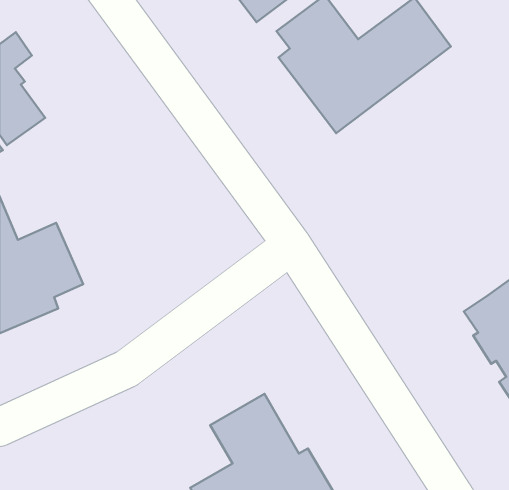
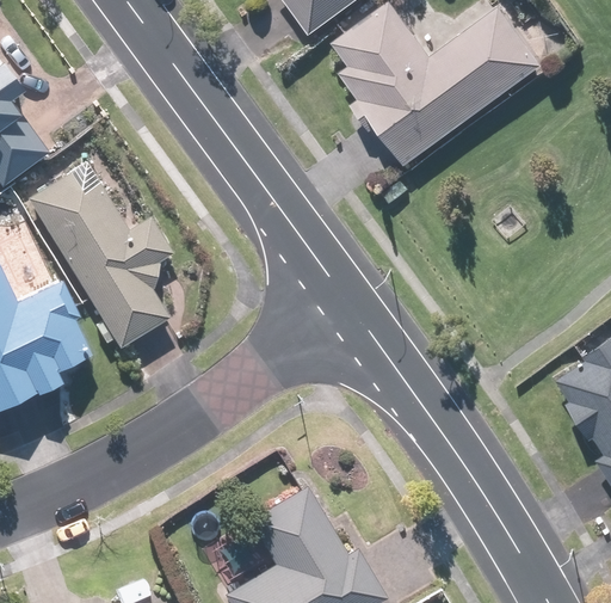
building: none -> [26,167,178,345]

